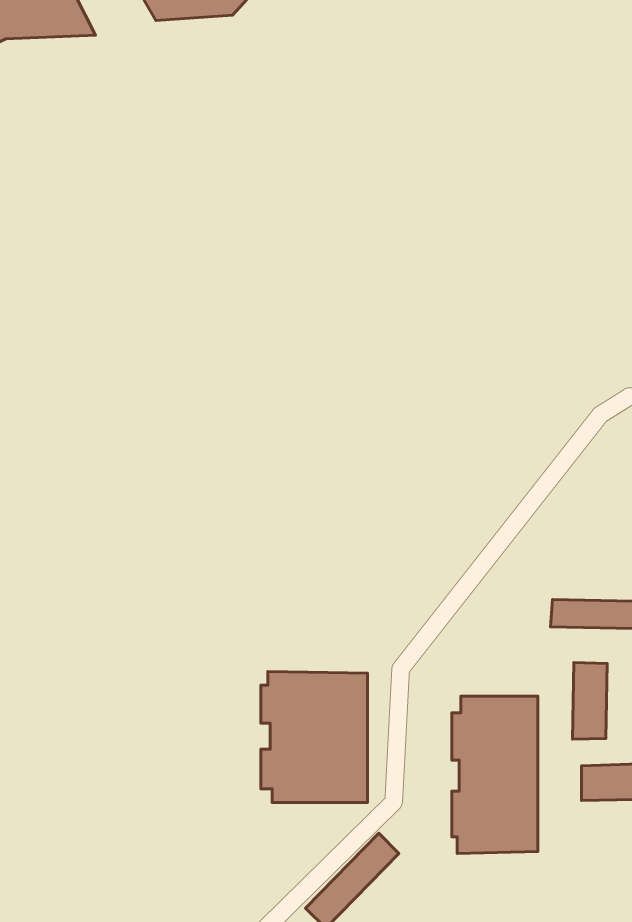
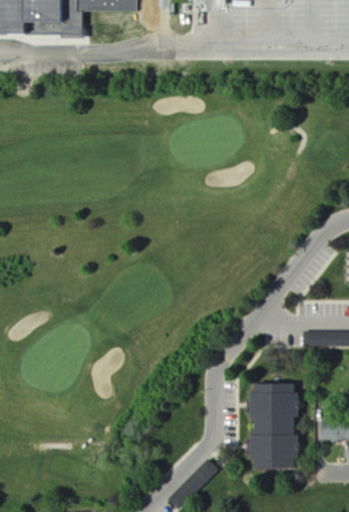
building: [573,662,607,739] -> none
building: [261,671,368,803] -> none

